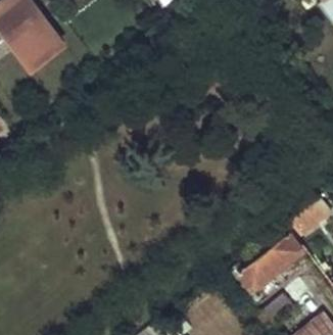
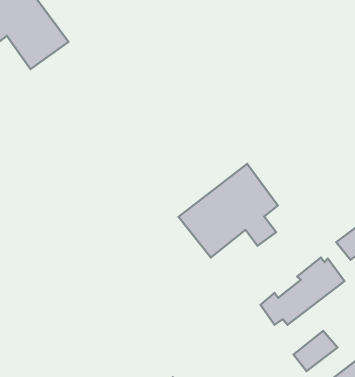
building: none -> [178,164,278,258]

